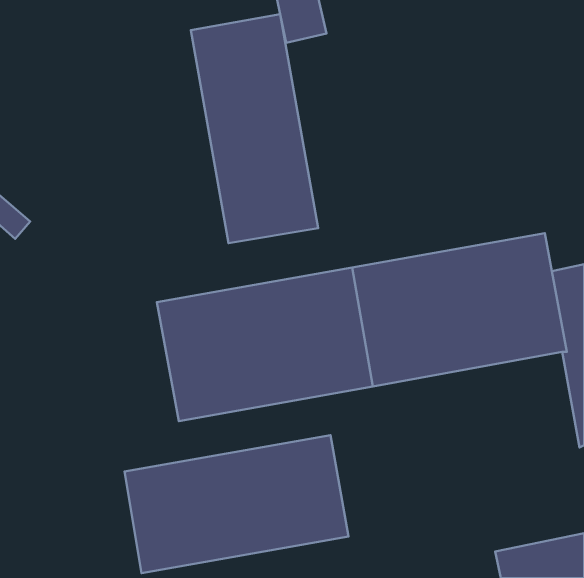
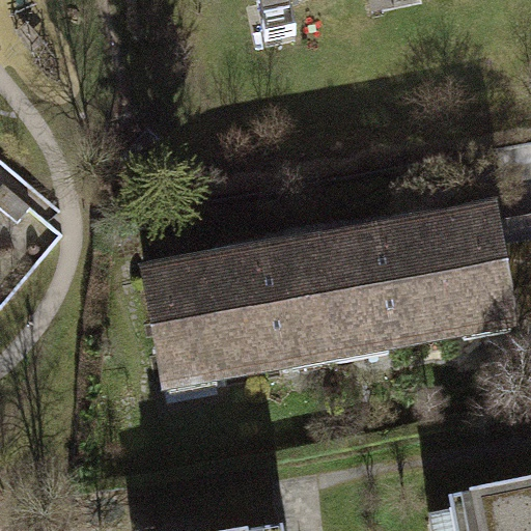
building: [191,14,318,243] -> none
building: [124,435,349,573] -> none

